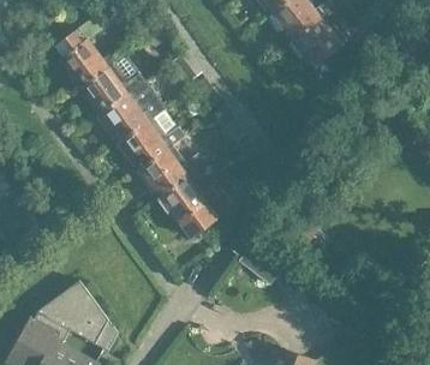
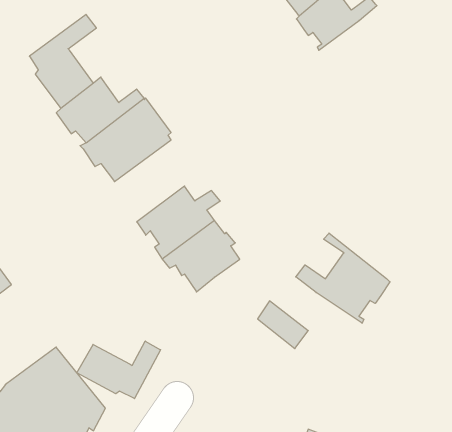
building: [288,18,348,72] -> none
building: [124,114,189,180] -> none
building: none -> [296,233,390,323]
building: none -> [77,341,161,399]

